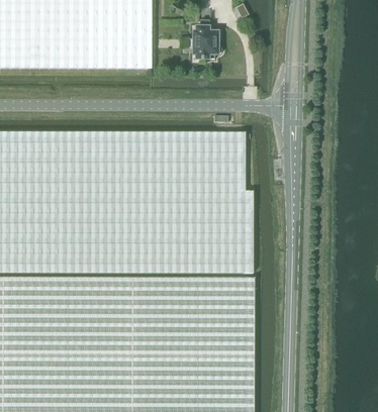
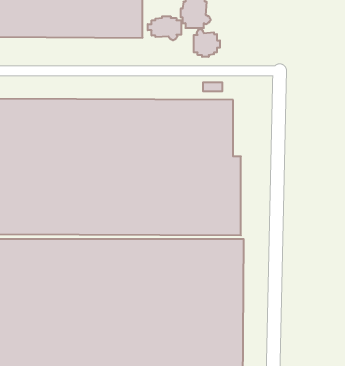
building: none -> [148,16,181,40]
building: none -> [194,29,220,57]

